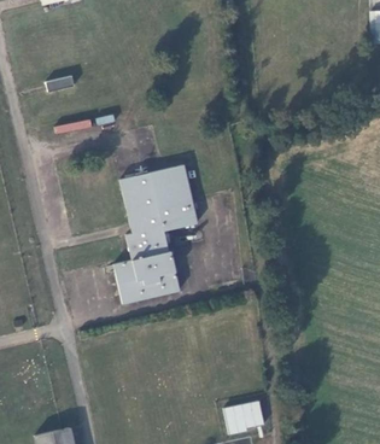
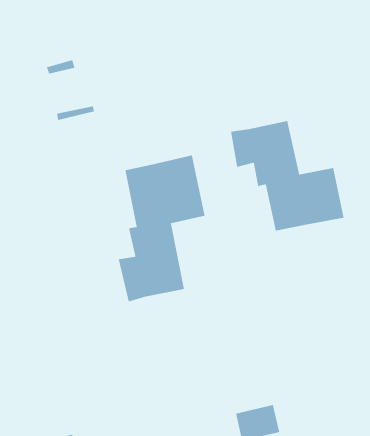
building: none -> [230,120,344,231]

